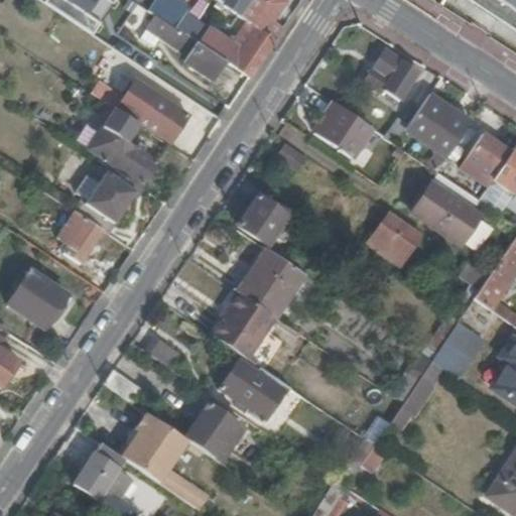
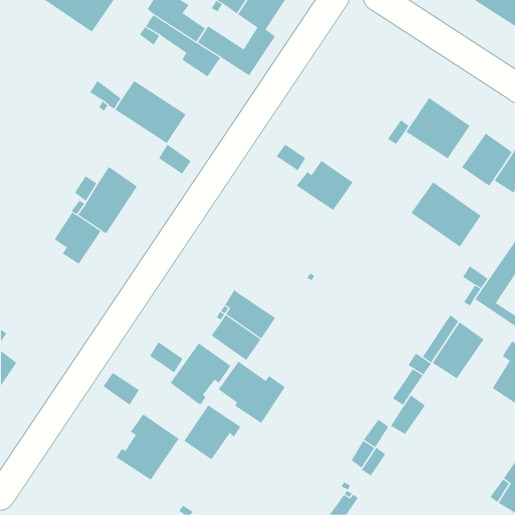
building: [367,49,419,99] -> none
building: [315,106,373,156] -> [296,160,354,211]
building: [91,112,157,184] -> none
building: [239,197,287,244] -> none
building: [374,211,424,261] -> none
building: [239,248,304,315] -> none
building: [9,270,67,328] -> none
building: none -> [170,343,231,406]
building: [75,443,124,500] -> none

